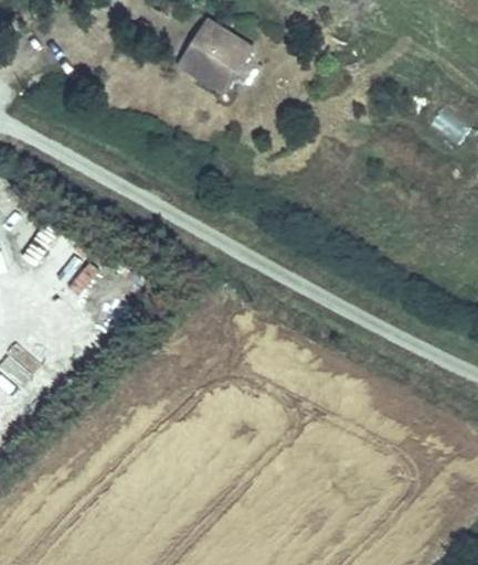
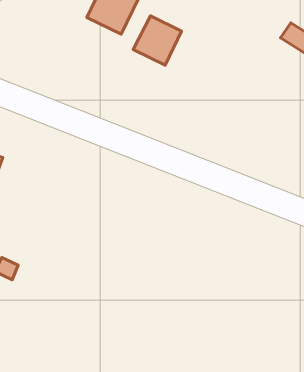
building: none -> [133,16,182,65]

